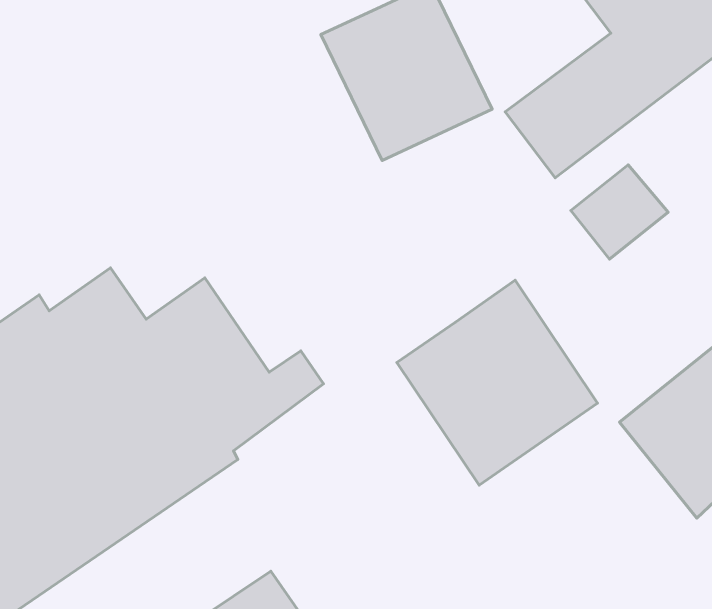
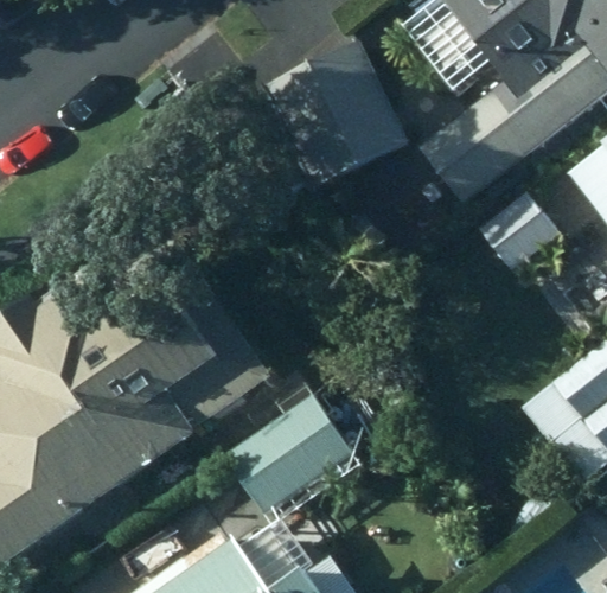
building: [397,280,598,485] -> none
building: none -> [222,395,354,517]

